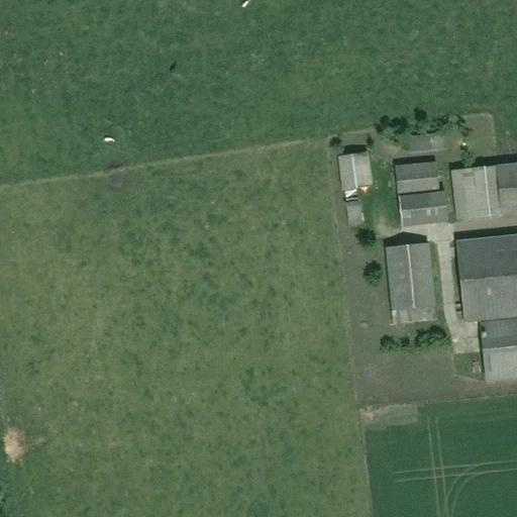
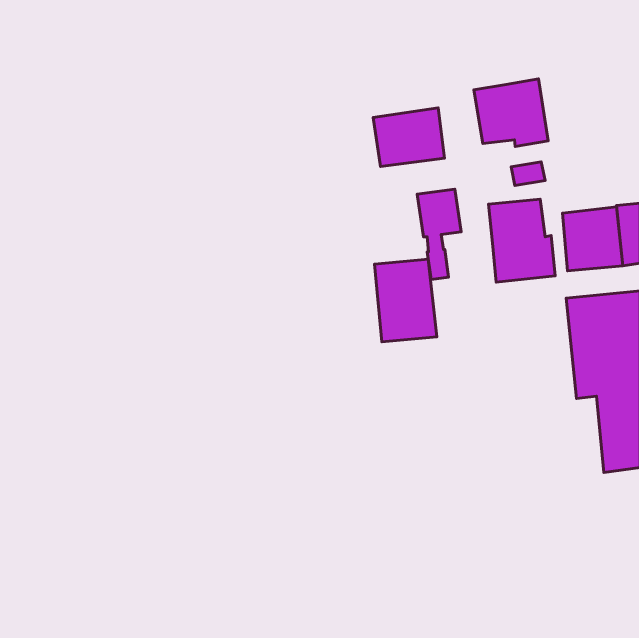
building: none -> [474,79,548,147]
building: none -> [373,108,444,166]
building: [386,242,436,309] -> [374,259,437,342]

